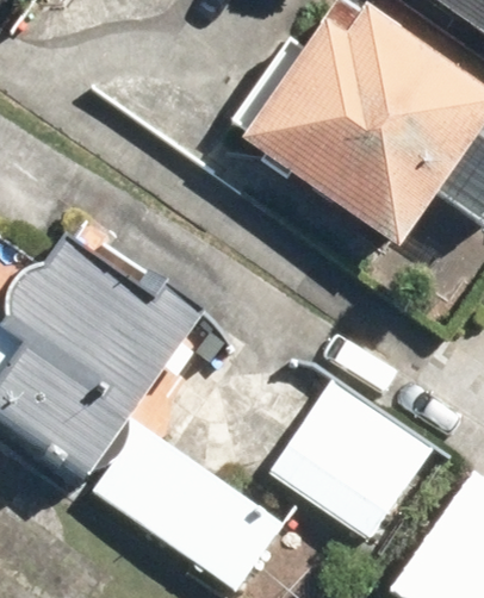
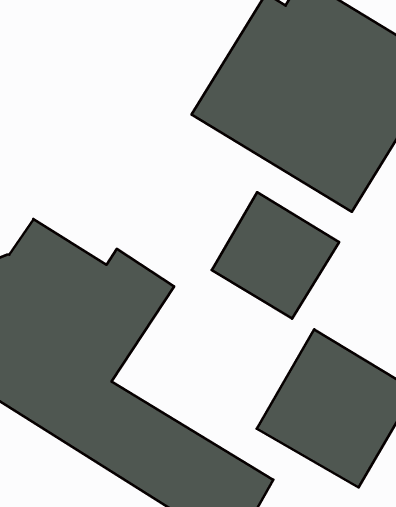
building: none -> [212,192,339,319]

